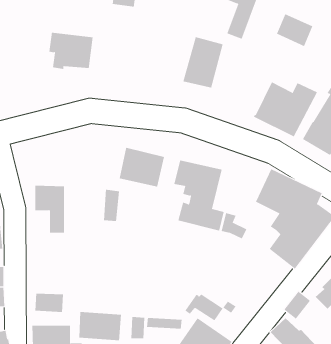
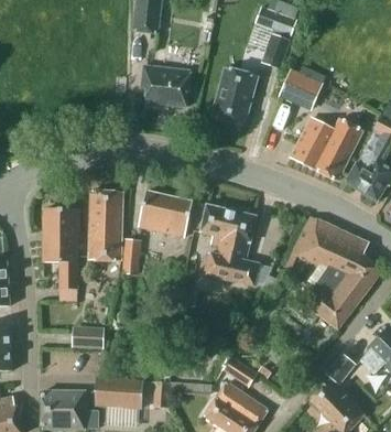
building: [276,13,313,47] -> [280,68,322,106]
building: [48,32,93,69] -> [140,65,191,107]
building: none -> [87,191,122,261]
building: none -> [44,209,78,235]
building: [35,293,64,313] -> [70,326,104,348]

